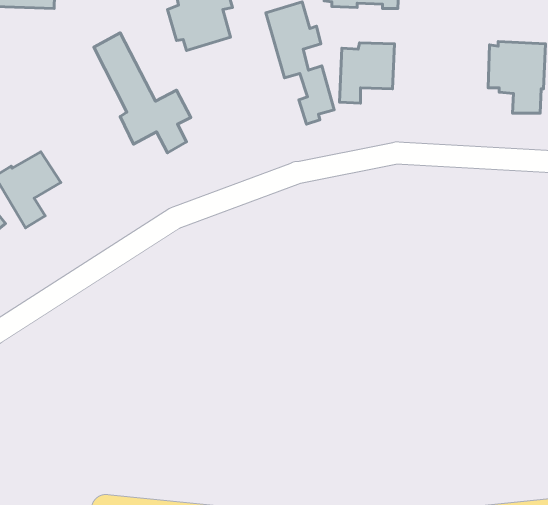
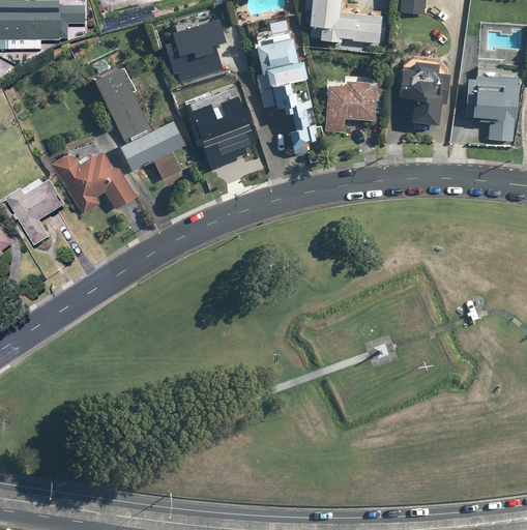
building: none -> [400,56,449,123]
building: none -> [180,81,258,165]
building: none -> [52,143,138,213]

